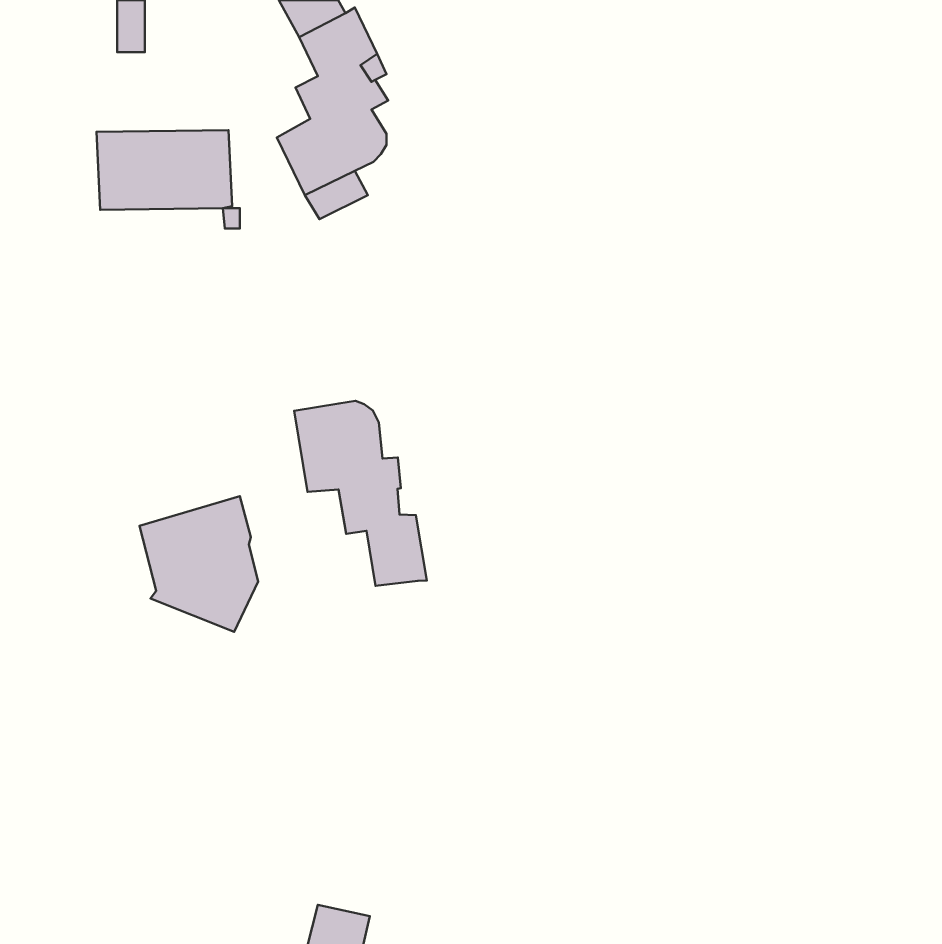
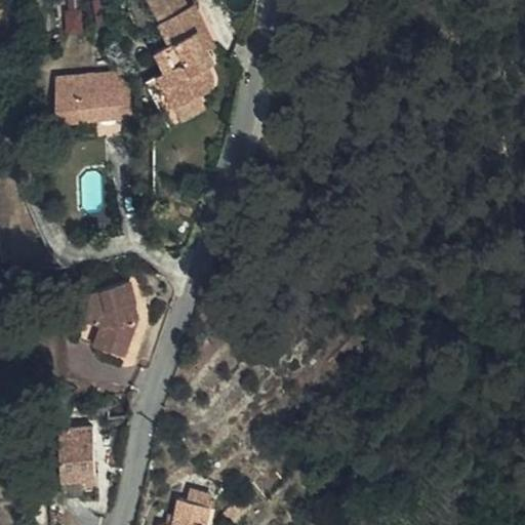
building: [294,401,427,586] -> none
building: none -> [58,430,94,487]

